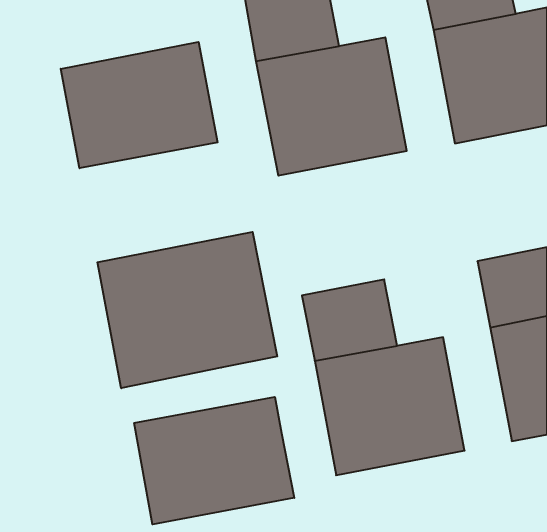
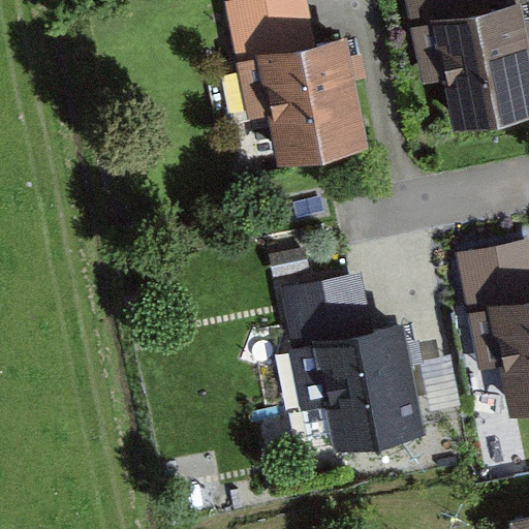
building: [61,42,218,168] -> none
building: [97,232,277,388] -> none
building: [134,397,294,524] -> none

